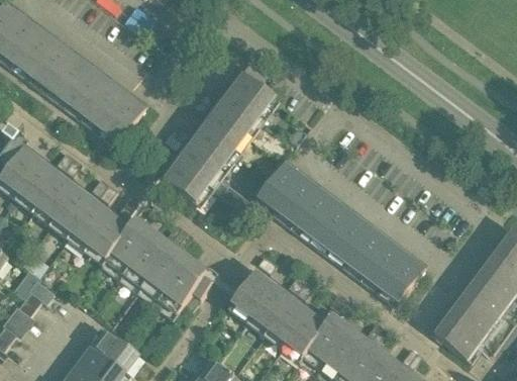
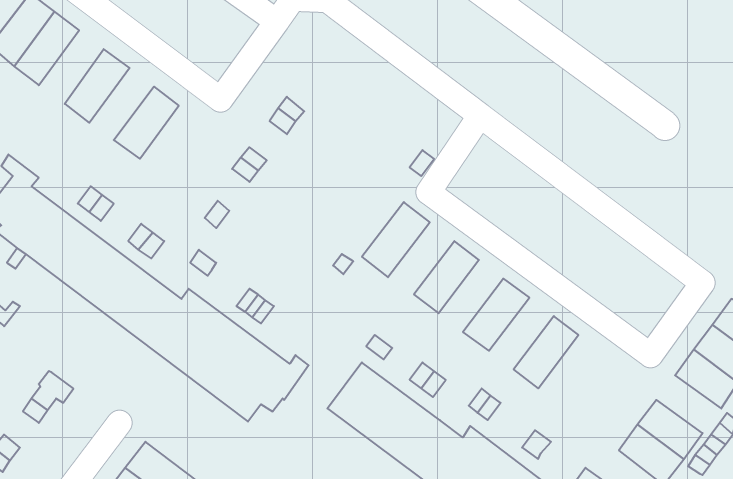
building: [28,37,74,89] -> none
building: [164,60,275,202] -> none
building: [64,64,109,114] -> none
building: [99,90,145,141] -> none
building: [273,172,319,222] -> none
building: [308,198,353,249] -> none
building: [343,224,389,275] -> none
building: [378,251,424,301] -> none
building: [460,279,506,319] -> none

